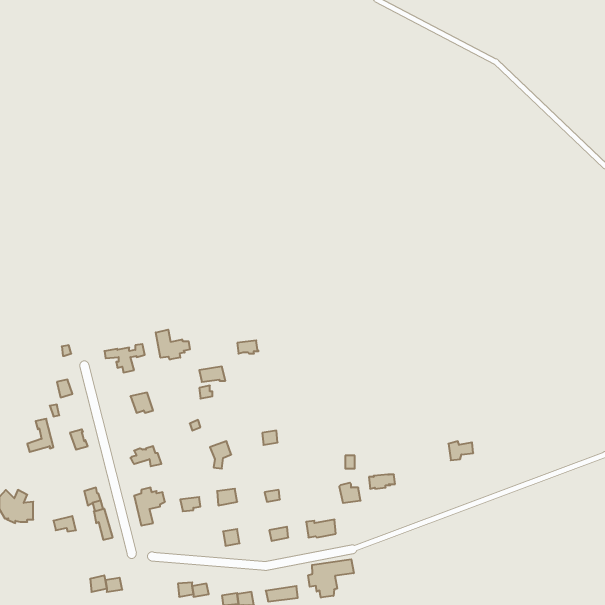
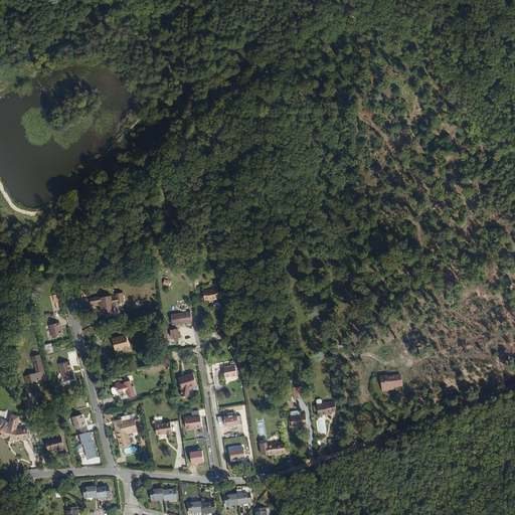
building: [156,330,190,360] -> none
building: [308,559,354,598] -> none

